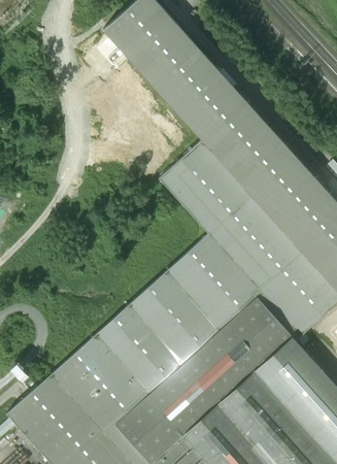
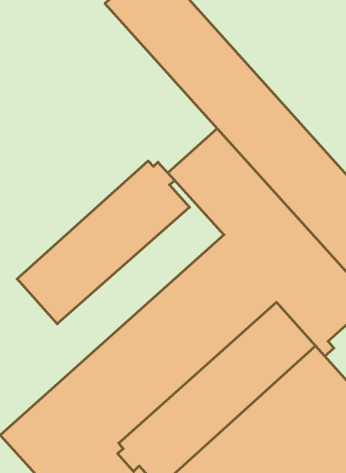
building: none -> [17,161,190,324]

